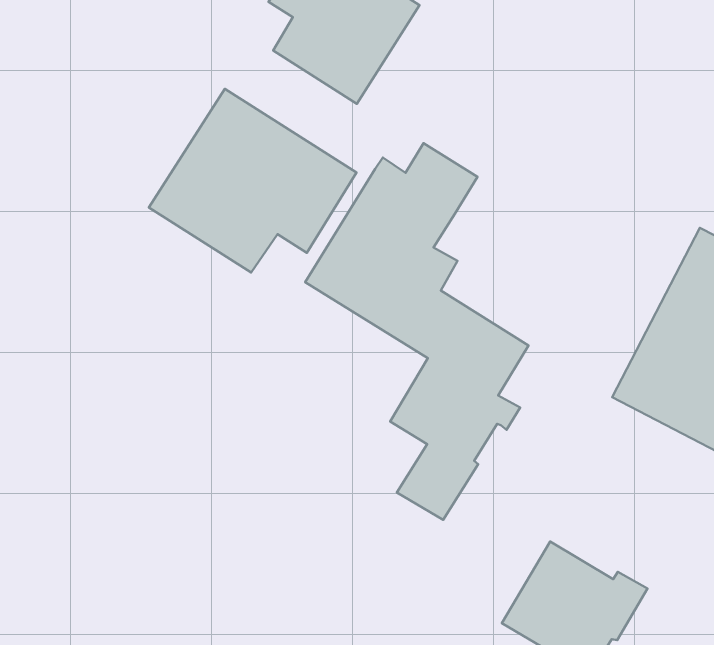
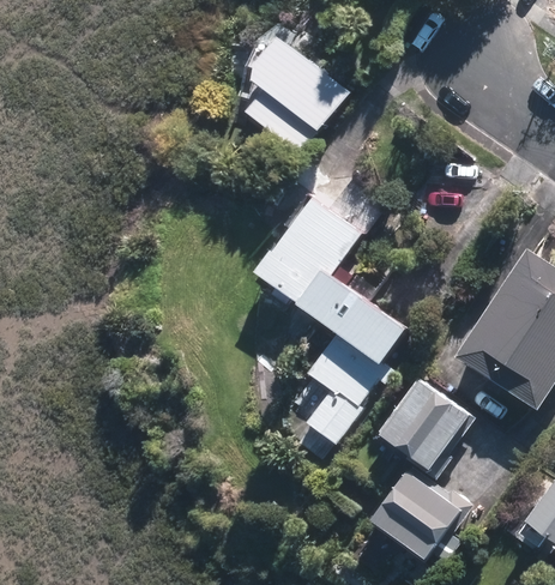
building: [149,89,356,273] -> none
building: none -> [375,374,473,477]

